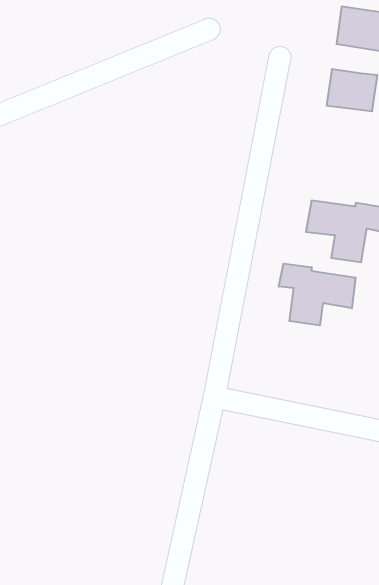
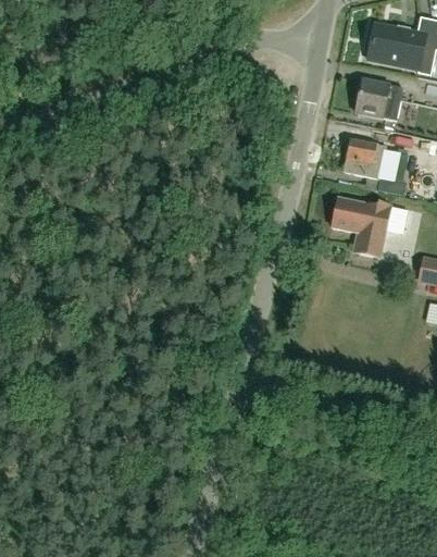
building: none -> [342,138,385,178]
building: [279,264,355,325] -> none

